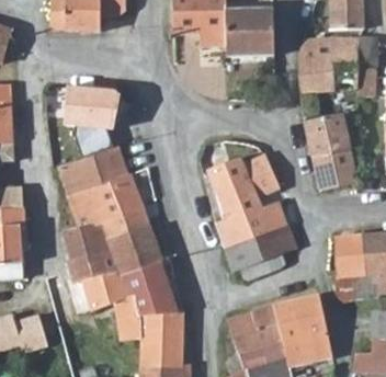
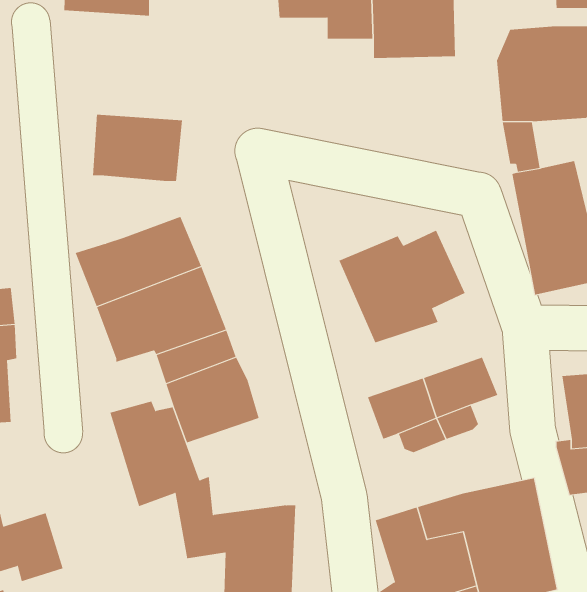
building: [72,122,116,157] -> none
building: [214,199,288,248] -> none
building: [64,221,112,258] -> none
building: [120,260,177,315] -> none

